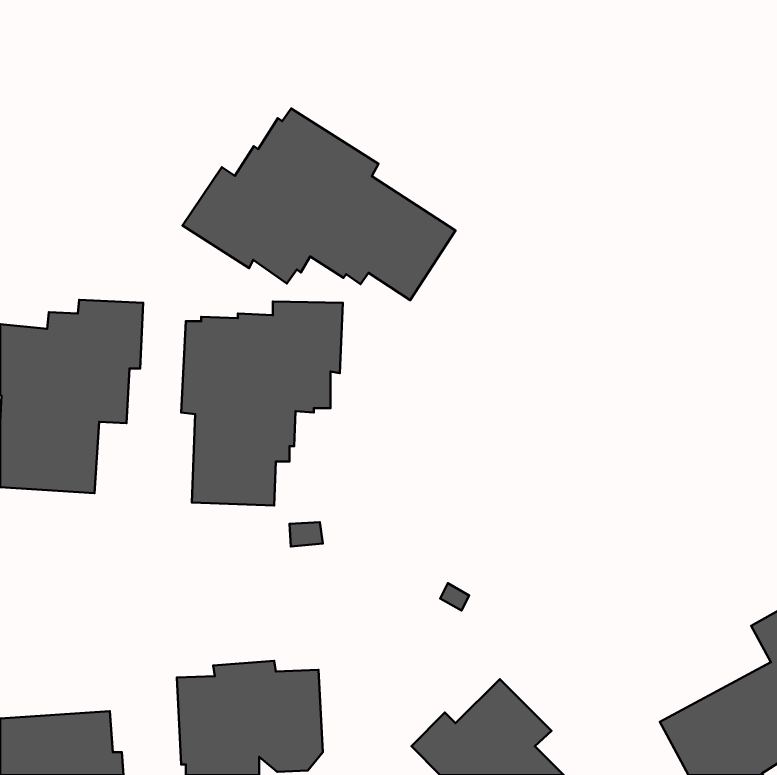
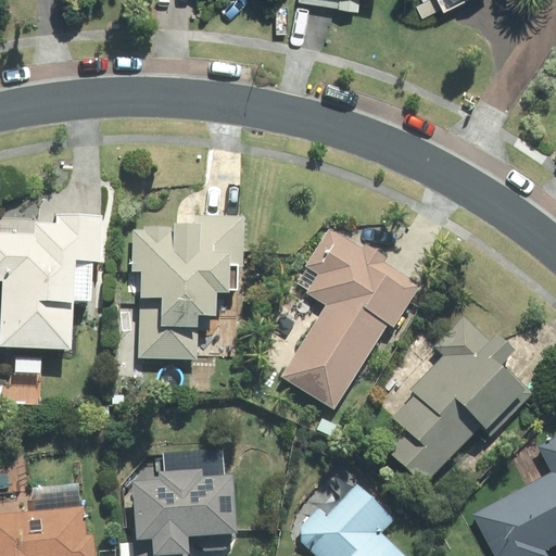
building: [182,109,456,300] -> none
building: none -> [280,227,420,410]
building: none -> [384,317,532,488]

